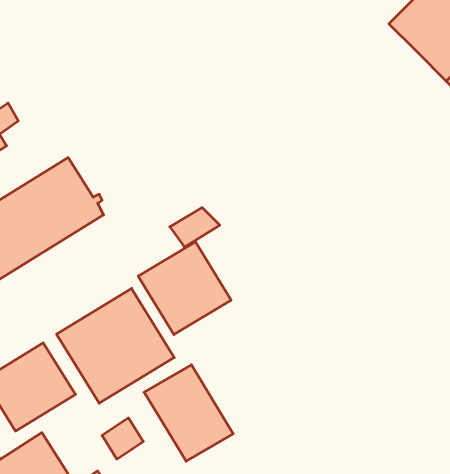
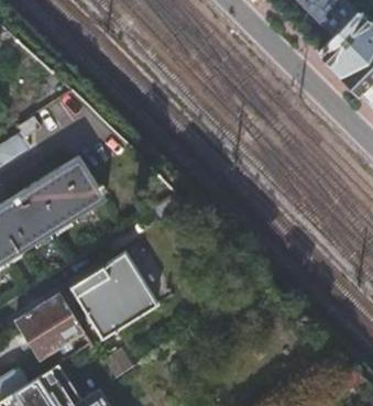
building: [138,242,231,335] -> none
building: [144,365,233,461] -> none

